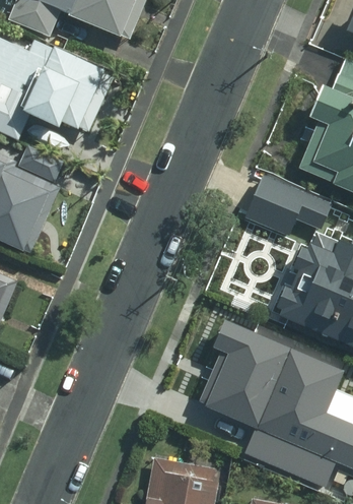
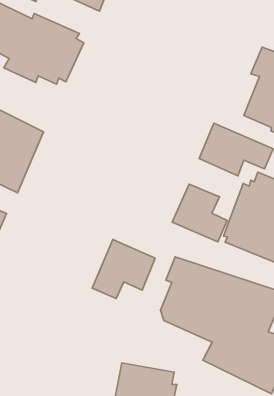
building: none -> [172,184,227,242]
building: none -> [92,239,155,298]

